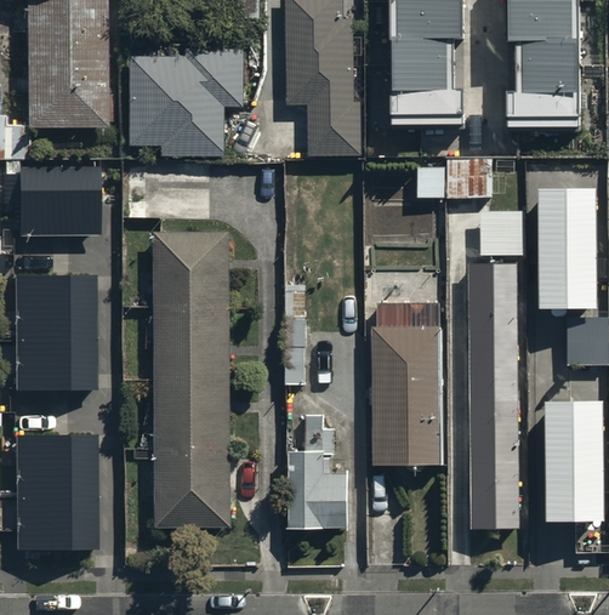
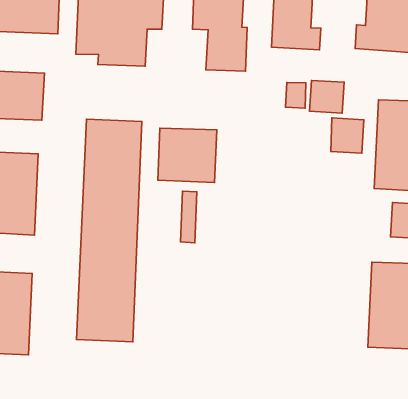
building: none -> [158,128,217,182]
building: [468,261,519,526] -> none
building: [371,323,443,462] -> none
building: [285,415,347,529] -> none

